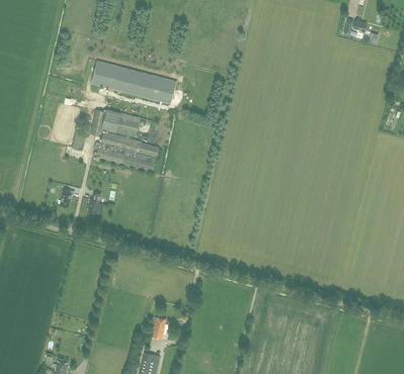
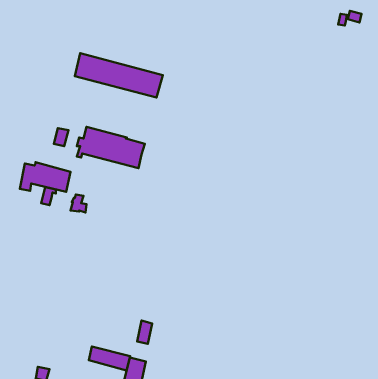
building: [91,108,140,136] -> [20,162,70,192]
building: none -> [89,346,130,370]

